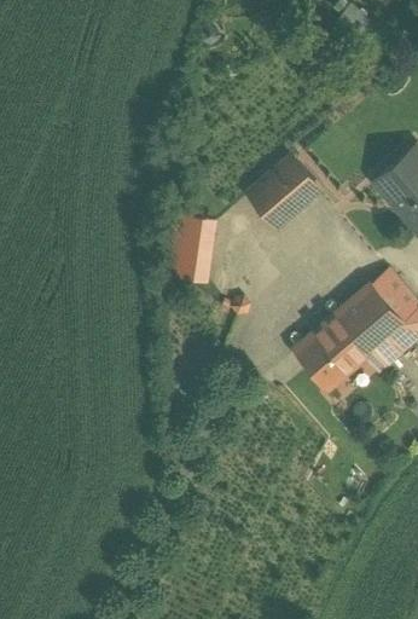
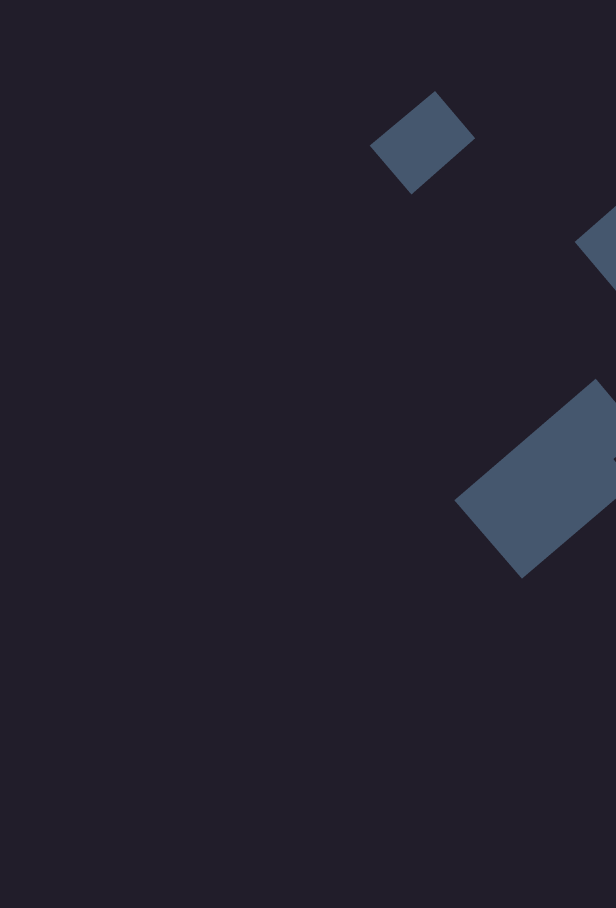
building: [249,157,319,226] -> [368,90,476,196]
building: [164,214,207,279] -> none

